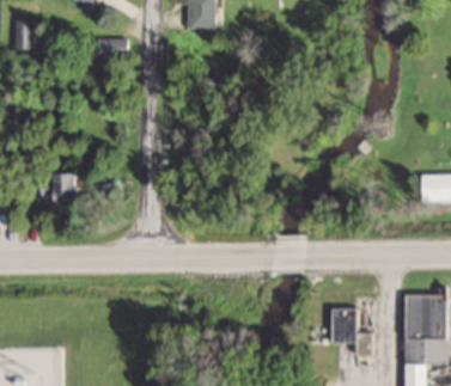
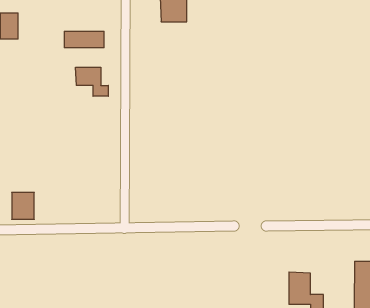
building: none -> [76,67,108,96]
building: [53,172,78,202] -> [12,192,34,219]

